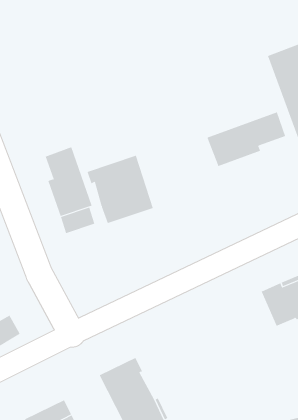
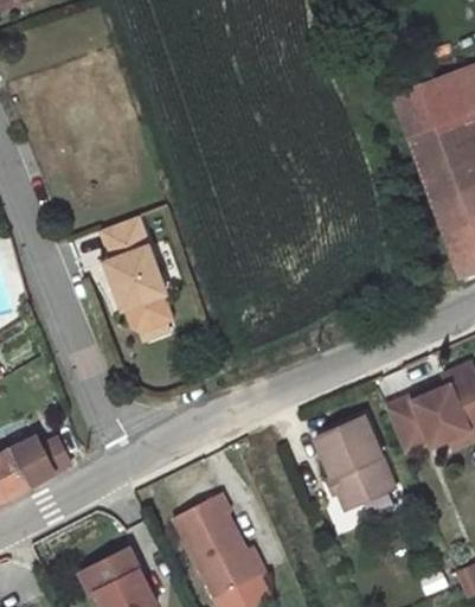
building: [207,111,286,167] -> none
building: [87,155,154,224] -> none
building: none -> [315,417,396,510]

